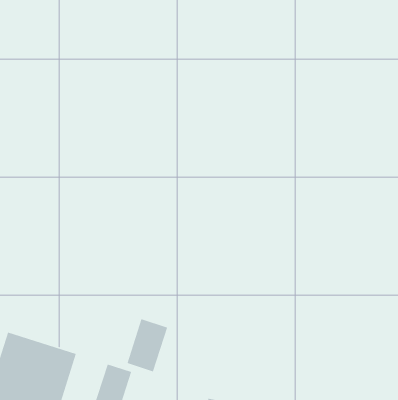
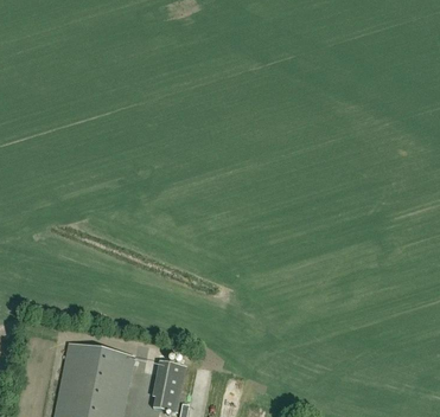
building: [126,318,168,373] -> none

